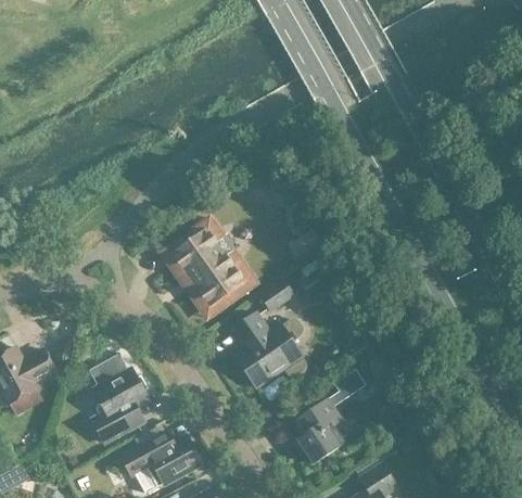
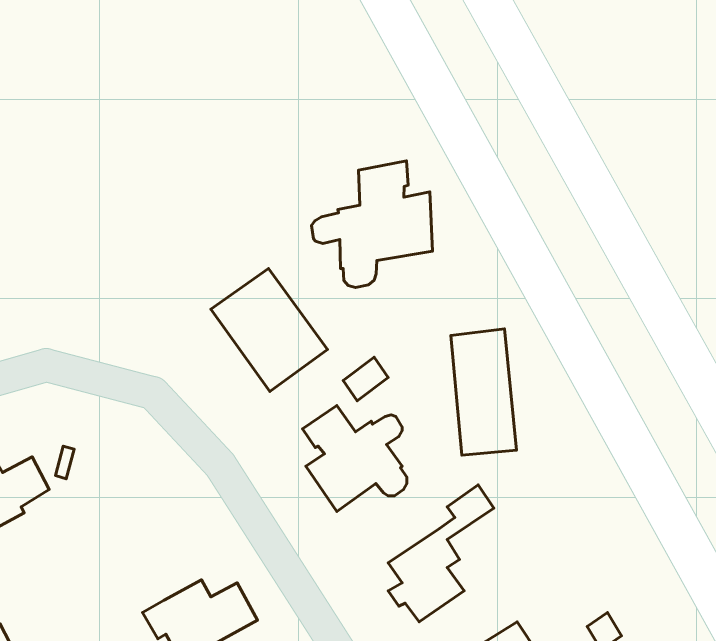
building: none -> [311,161,432,288]
building: none -> [451,329,517,455]
building: [88,361,149,443] -> none

